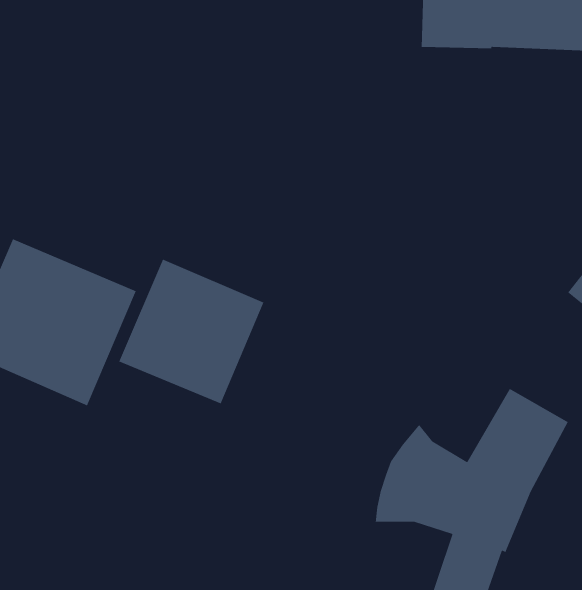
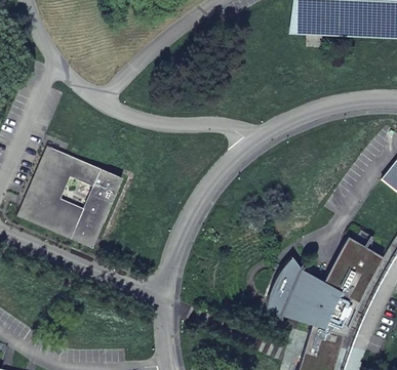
building: [118,258,264,405] -> none

